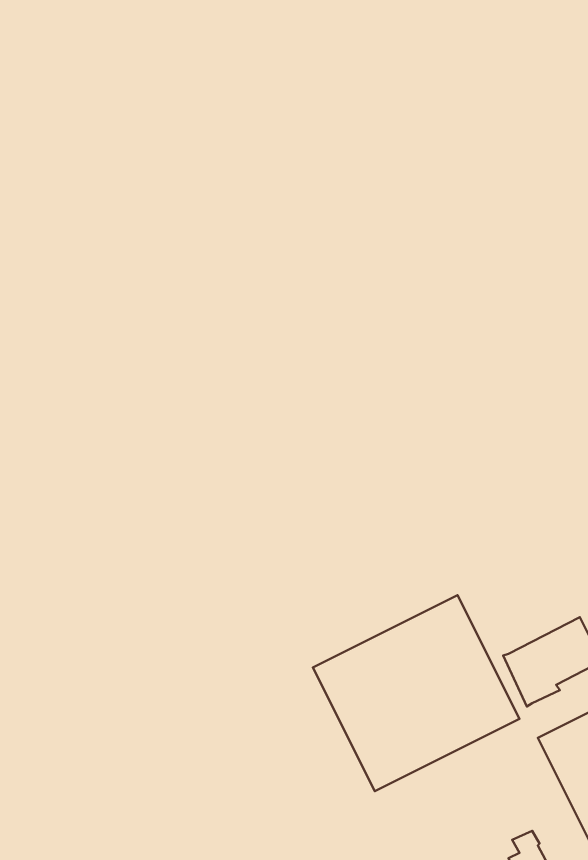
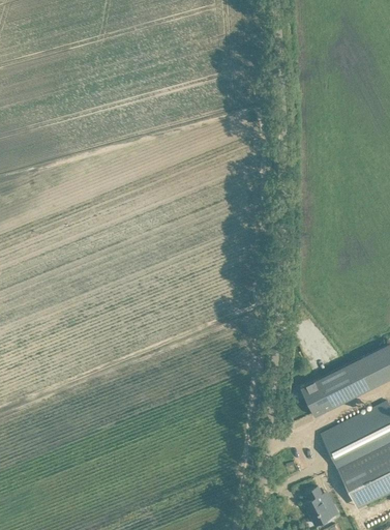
building: [313,595,519,791] -> none

